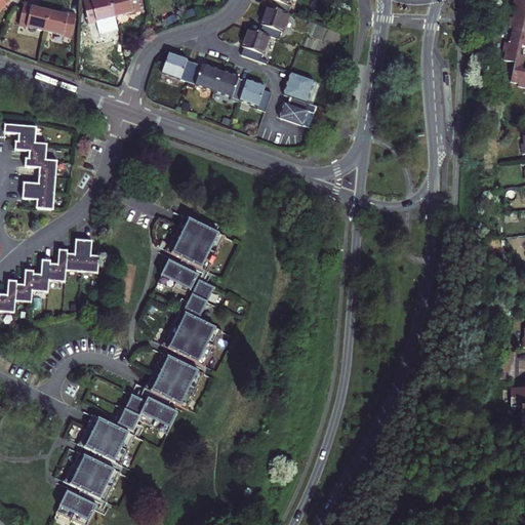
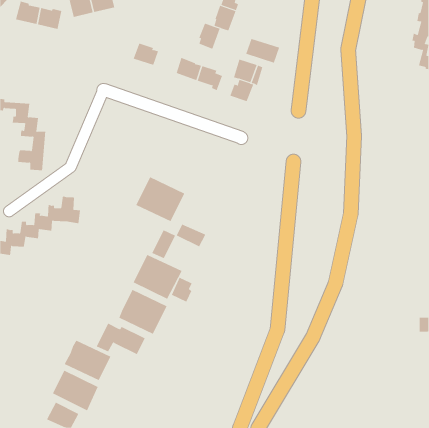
building: none -> [245,38,280,63]
building: [188,63,220,89] -> none
building: [161,260,198,289] -> [176,224,206,247]
building: none -> [171,277,193,302]

